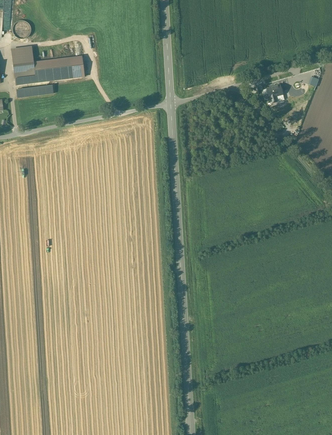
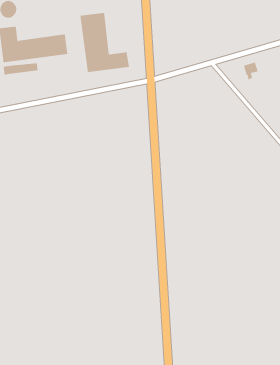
building: none -> [80,12,130,73]

